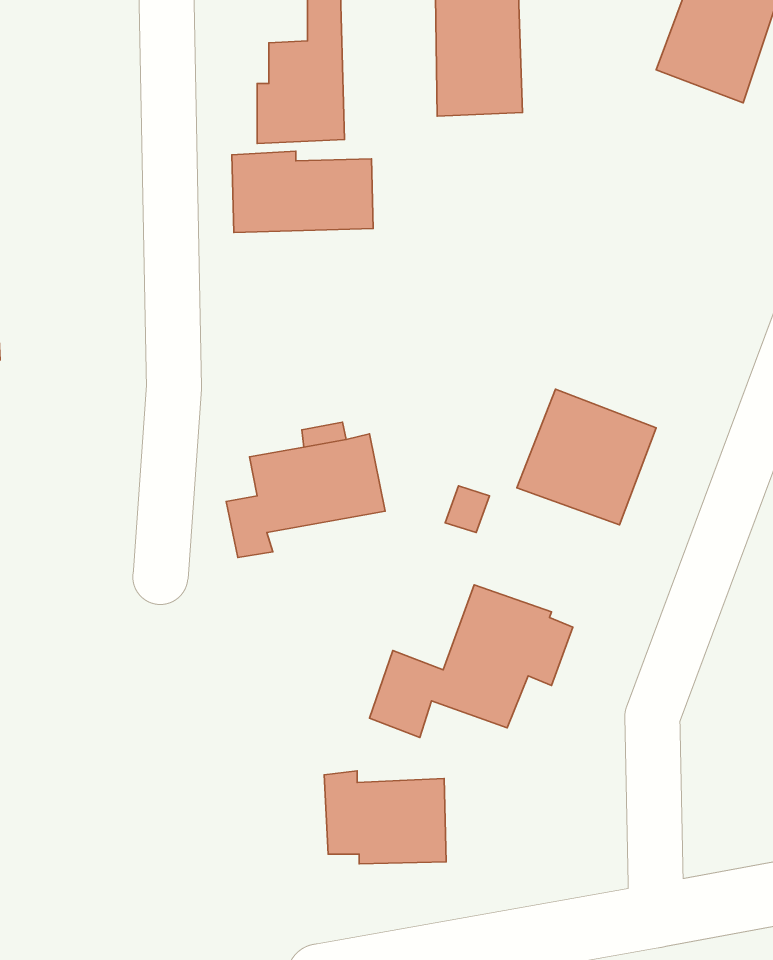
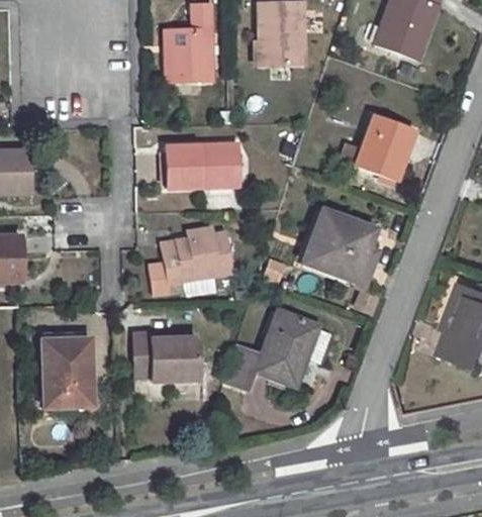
building: [232,151,373,232] -> [166,144,239,187]
building: none -> [356,114,411,181]
building: none -> [41,338,88,406]
building: [324,771,446,864] -> [133,332,197,381]

